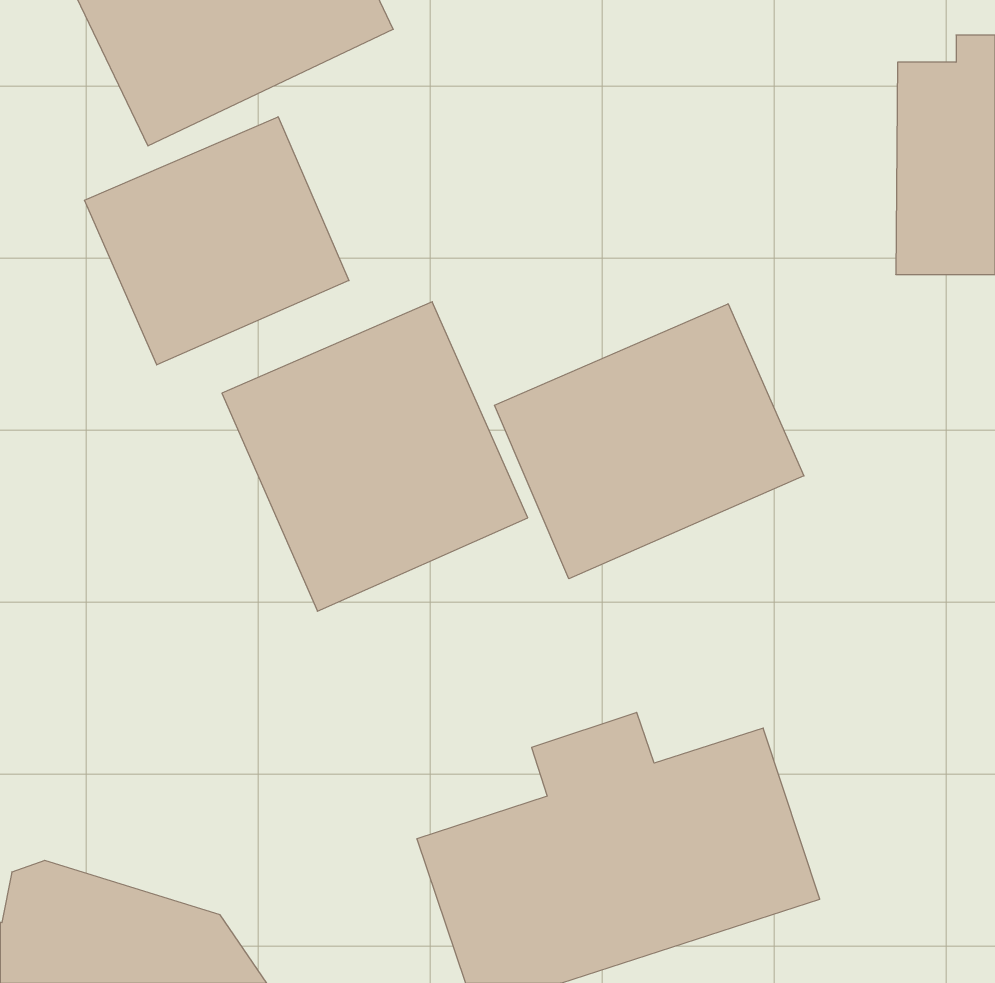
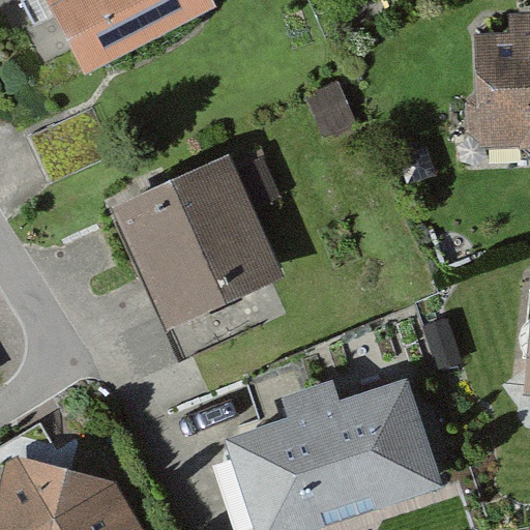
building: [85,117,349,365] -> none
building: [494,304,804,579] -> none

